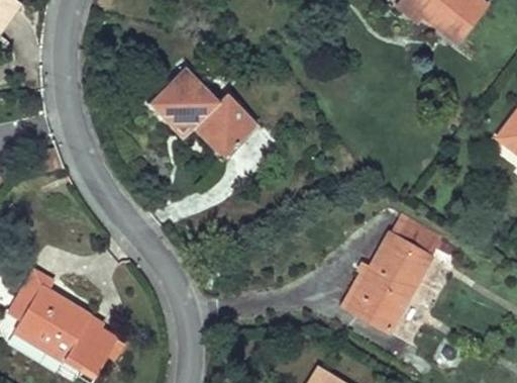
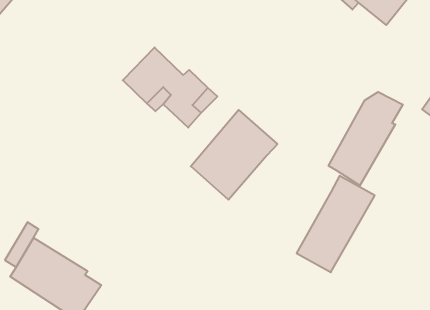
building: none -> [329,92,403,186]
building: none -> [191,110,277,200]

